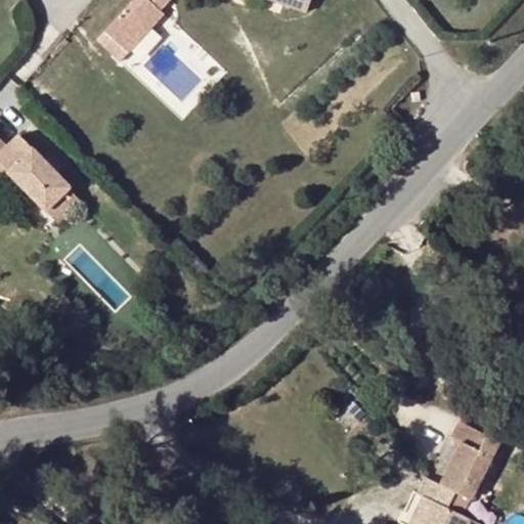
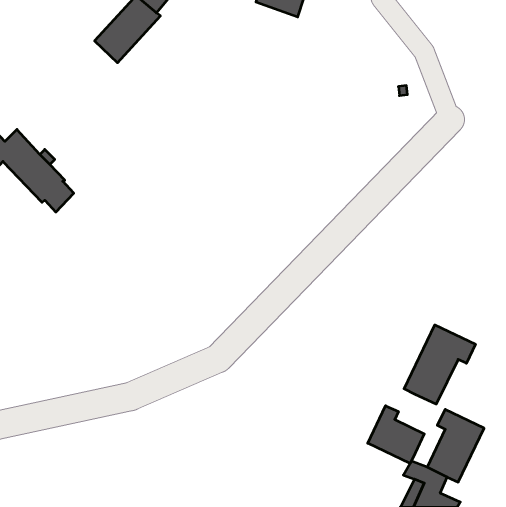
building: none -> [404,325,475,404]
building: none -> [368,406,424,464]

